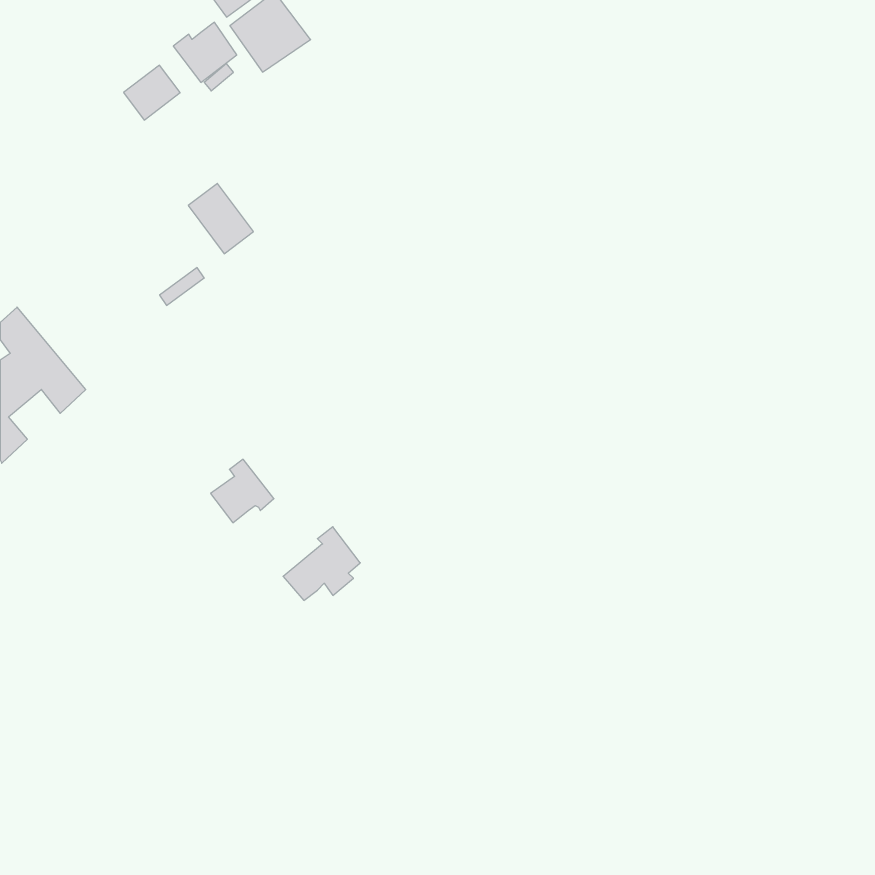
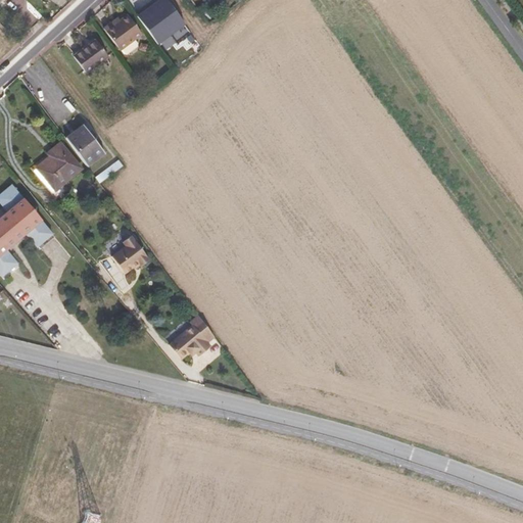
building: [188,183,253,254] -> [66,124,105,165]
building: none -> [36,142,81,192]
building: [211,459,274,523] -> [112,235,150,273]

